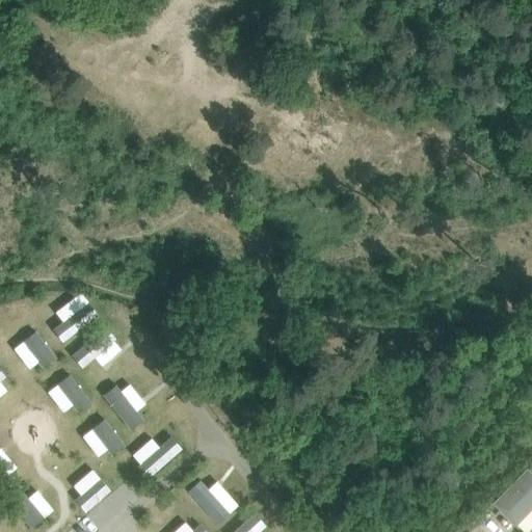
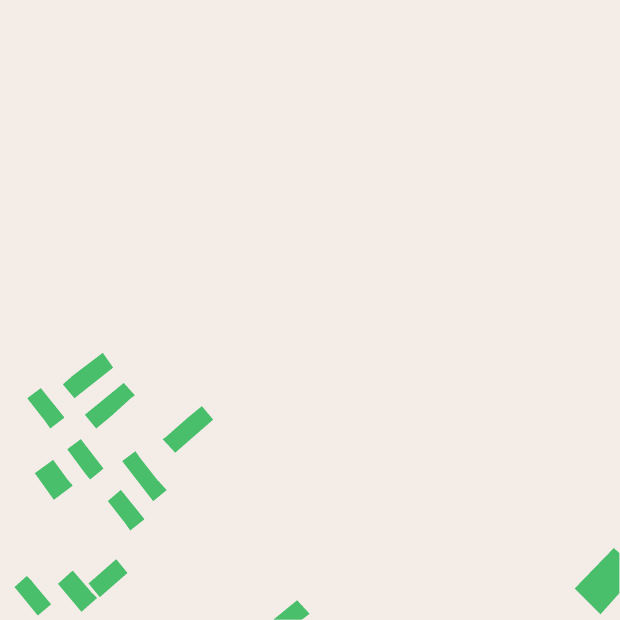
building: none -> [34,459,74,501]
building: [137,436,182,478] -> [162,405,214,454]
building: [188,480,230,525] -> none
building: none -> [57,570,98,613]

